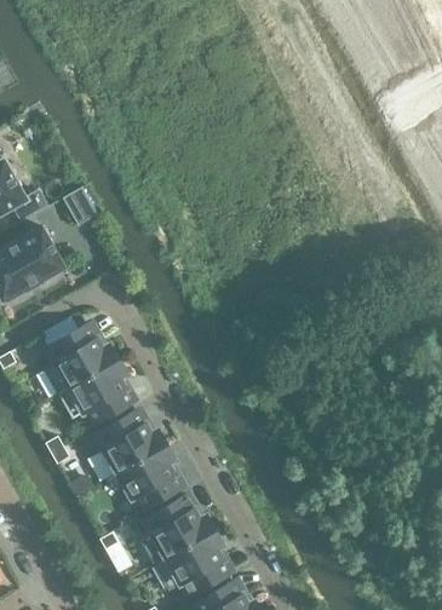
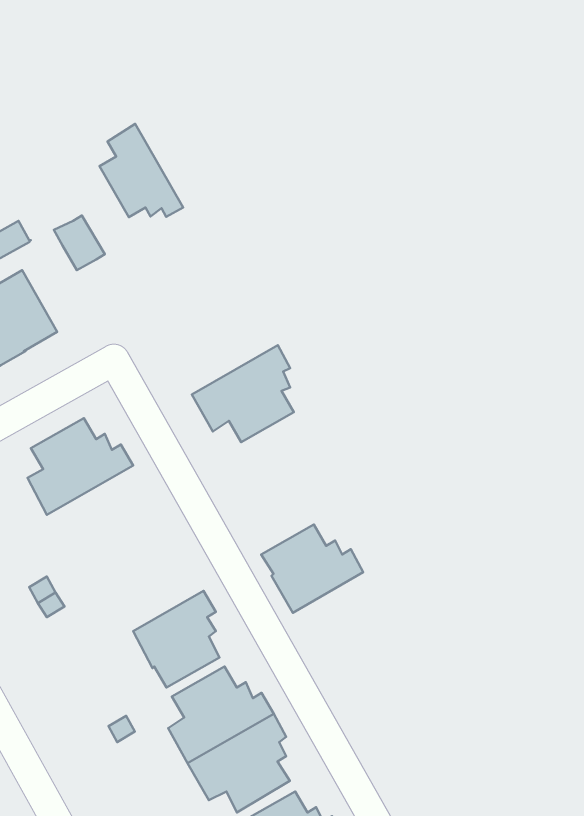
building: none -> [99,124,183,217]
building: [59,359,130,426] -> [192,345,294,442]
building: [97,413,167,473] -> [261,525,363,613]

